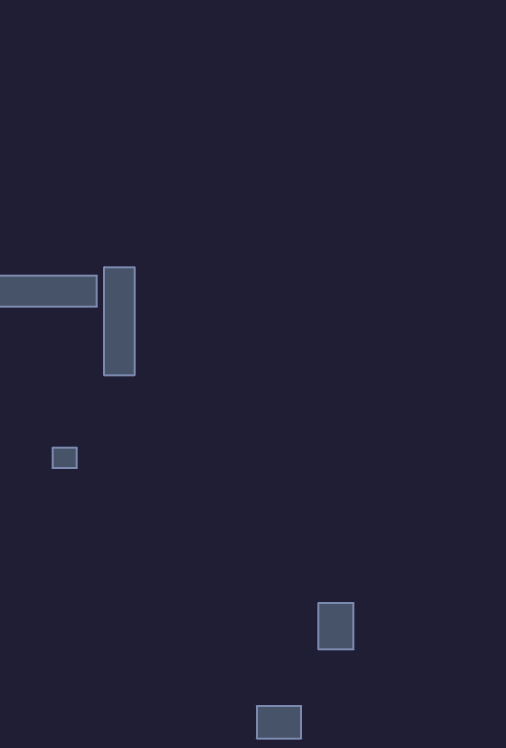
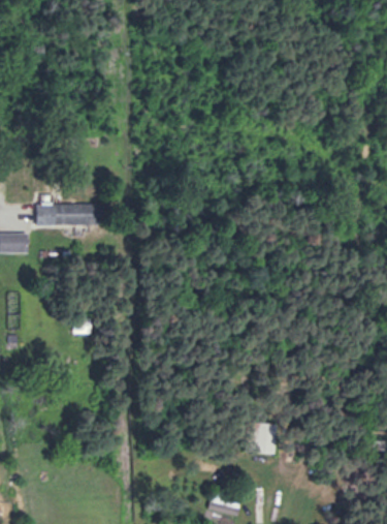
building: [104,267,134,375] -> none

